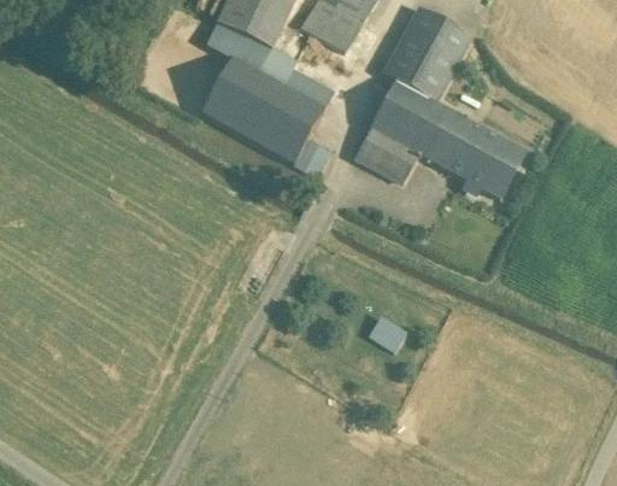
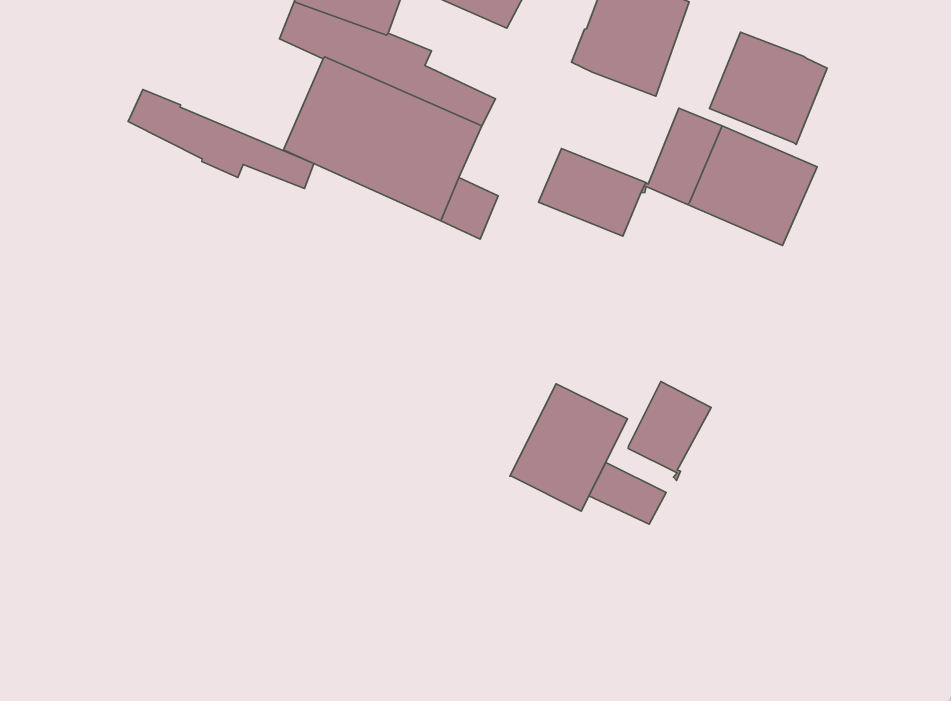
building: none -> [128,90,314,188]
building: [371,81,445,152] -> [710,32,827,144]
building: none -> [510,384,627,511]
building: none -> [628,382,711,480]

